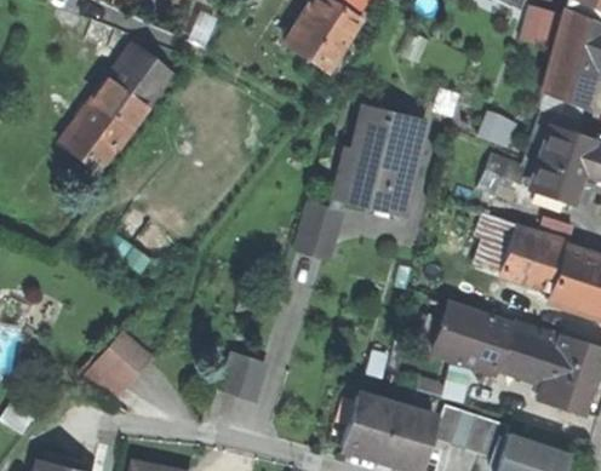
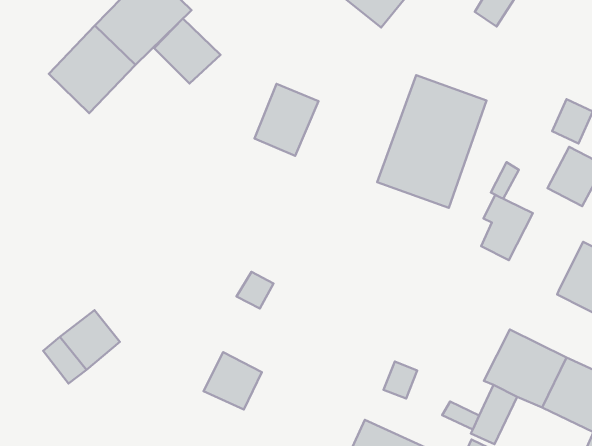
building: none -> [154,18,220,84]
building: [297,200,345,257] -> [255,84,318,156]
building: [476,214,516,266] -> [481,195,533,260]

